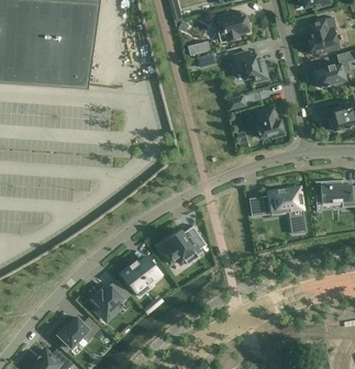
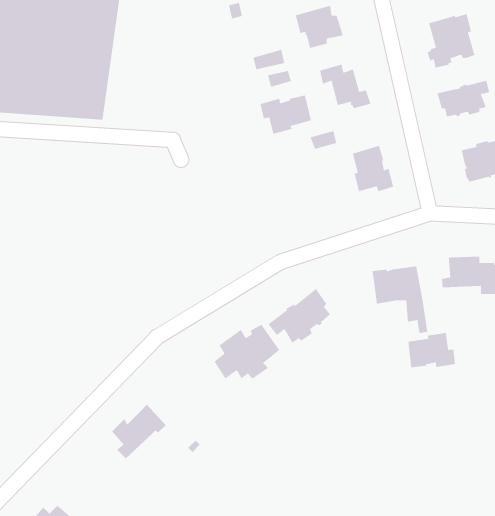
building: none -> [260,94,312,135]
building: none -> [267,288,331,344]
building: none -> [407,332,456,368]
building: [121,256,159,291] -> none
building: [56,316,98,348] -> none

